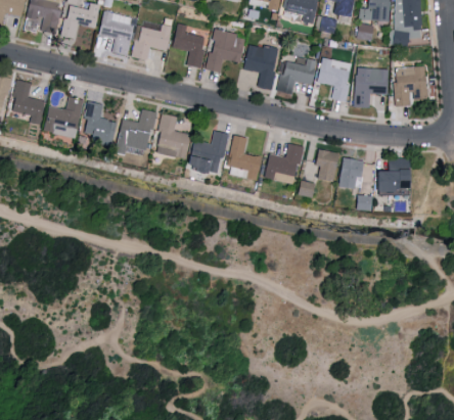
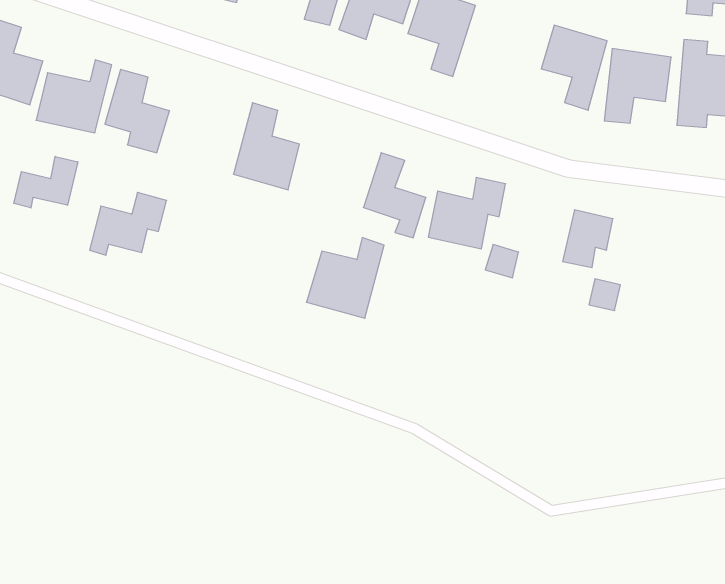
building: [278,58,317,94] -> none
building: [118,109,157,145] -> [90,192,167,255]
building: [186,131,226,175] -> [306,238,384,318]
building: [315,149,338,181] -> none
building: none -> [14,156,78,208]
building: [375,158,407,195] -> none

